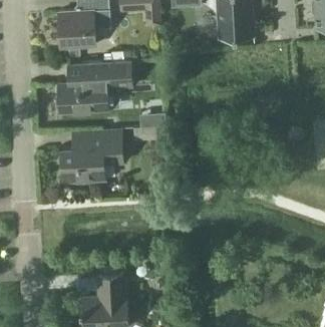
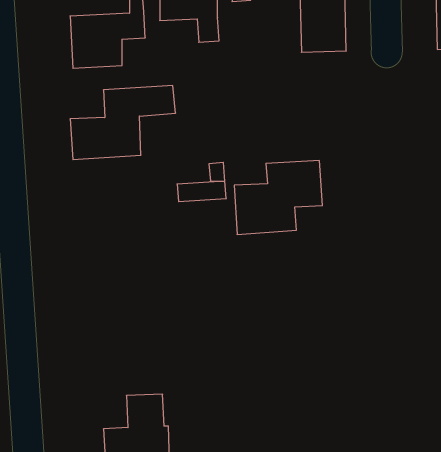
building: [61,130,122,182] -> [234,161,322,234]

